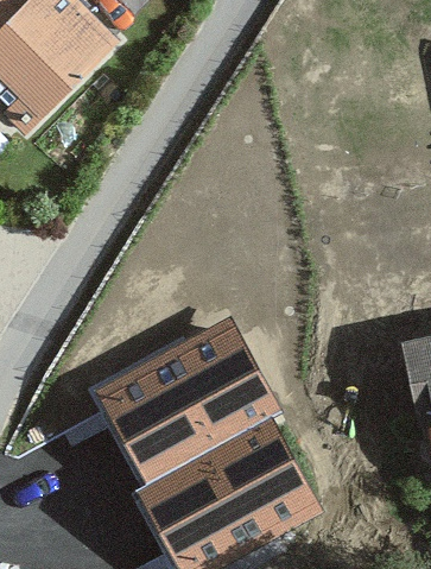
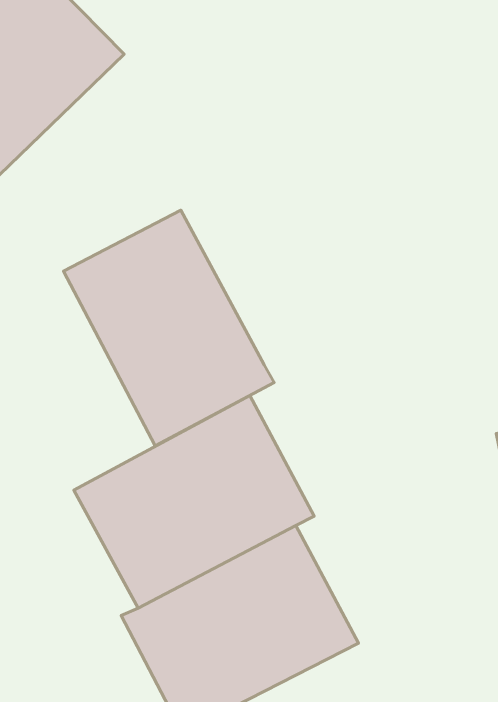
building: none -> [63,210,274,446]

